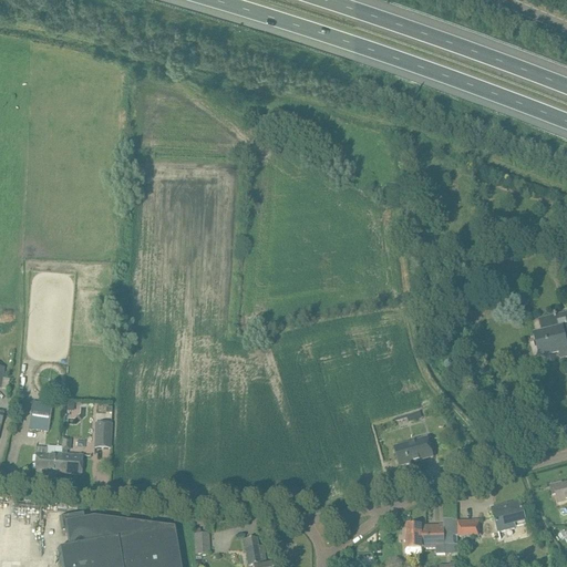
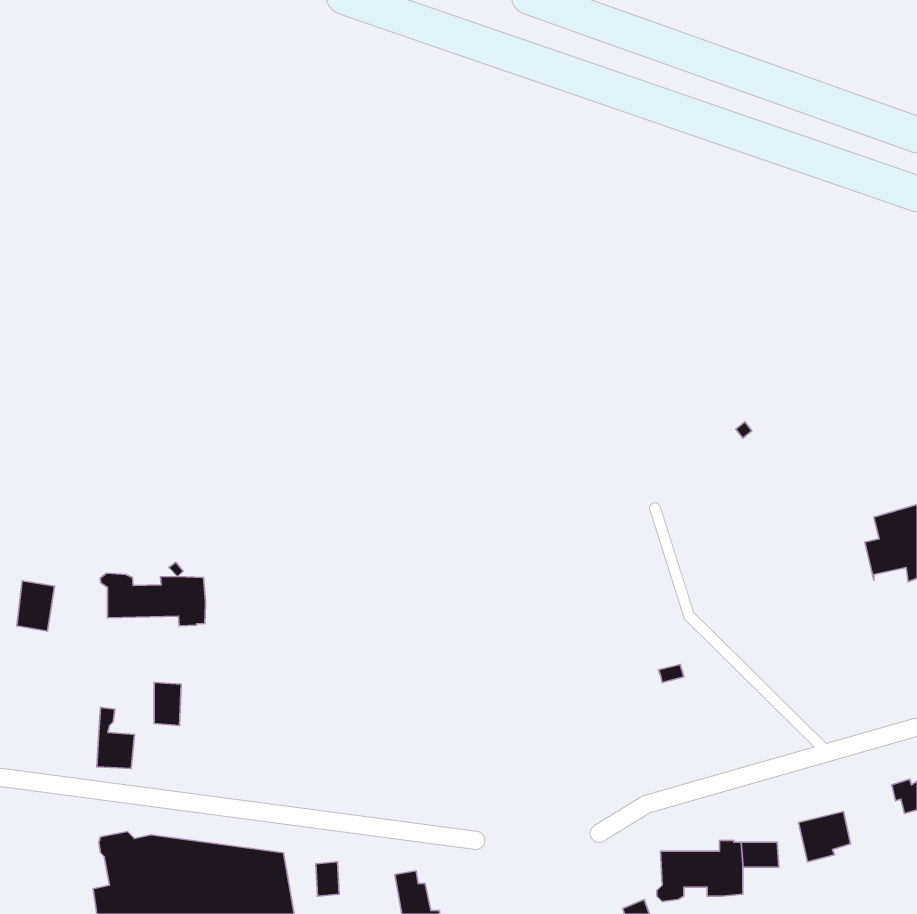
building: none -> [100,573,206,626]
building: [29,400,52,431] -> [17,581,55,631]
building: [394,436,433,466] -> none
building: [34,445,61,473] -> none

